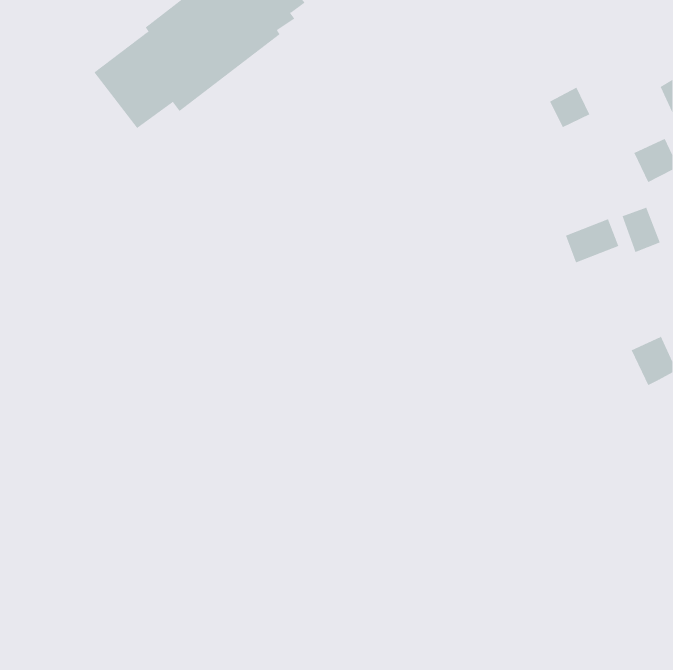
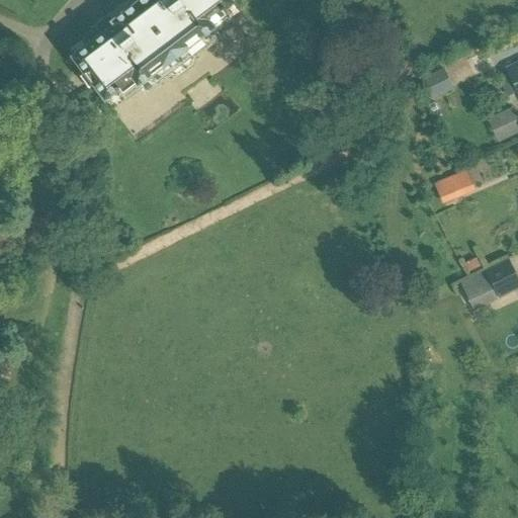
building: [622,207,661,253] -> none
building: none -> [459,270,497,310]

